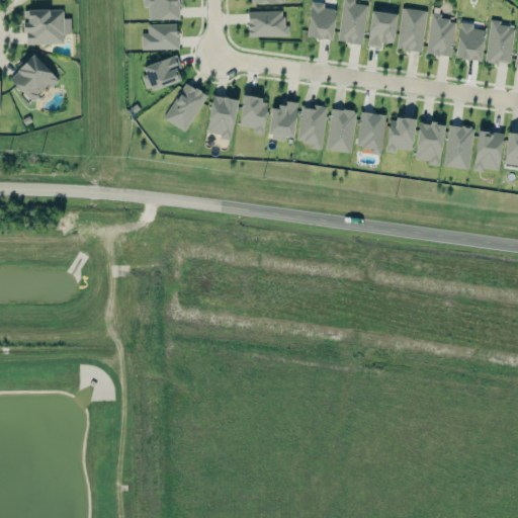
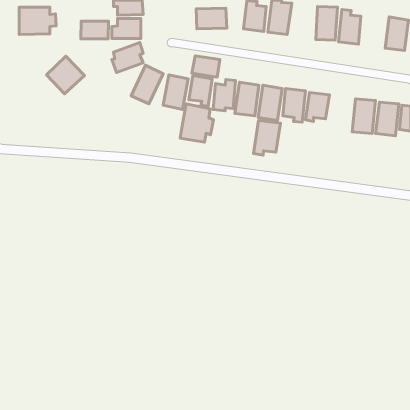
building: [368,11,397,48] -> none
building: [455,22,486,62] -> none
building: none -> [81,21,109,39]
building: [10,55,58,102] -> [47,56,84,94]
building: none -> [192,56,220,77]
building: [415,121,444,166] -> none
building: none -> [180,104,214,142]
building: none -> [254,120,281,155]

